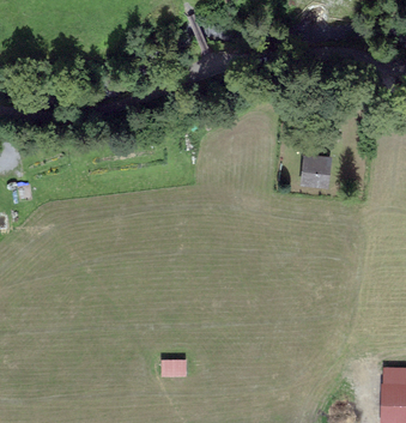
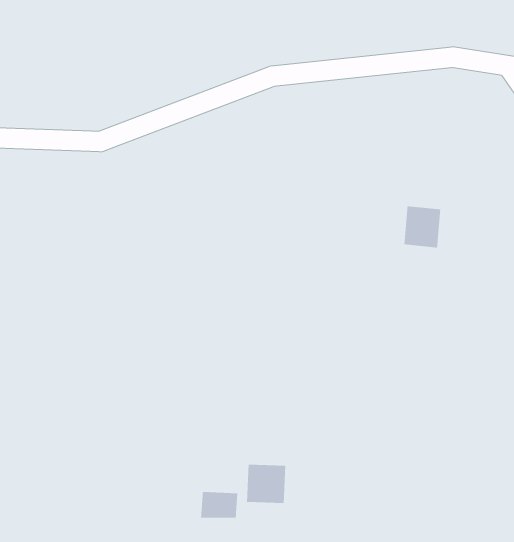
building: none -> [246,464,286,504]

